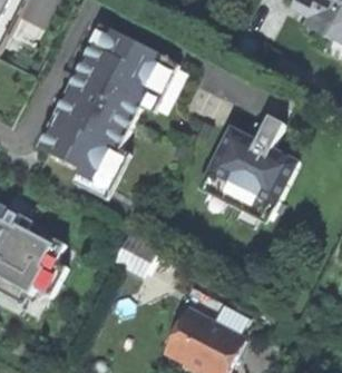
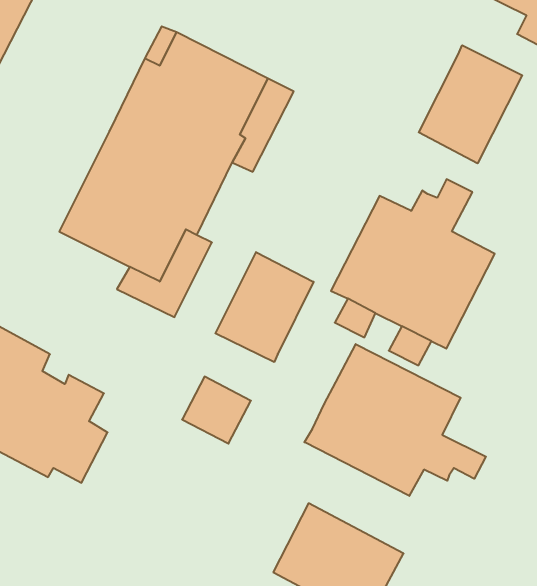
building: none -> [419,45,522,163]
building: none -> [215,252,314,362]
building: none -> [304,344,486,496]

